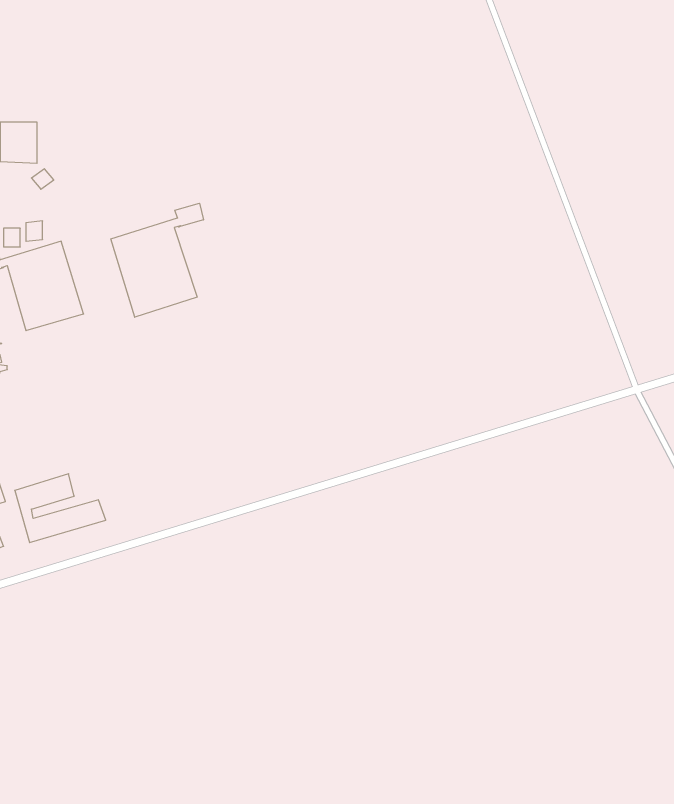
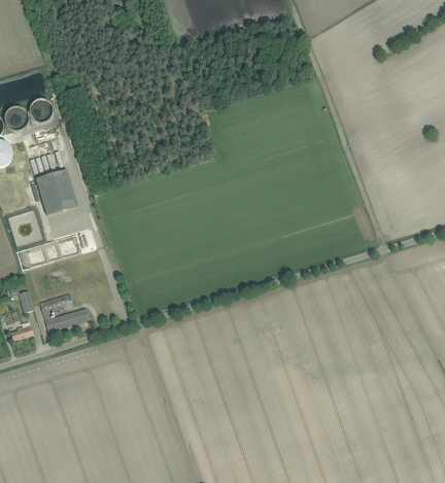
building: [111,203,203,317] -> none

